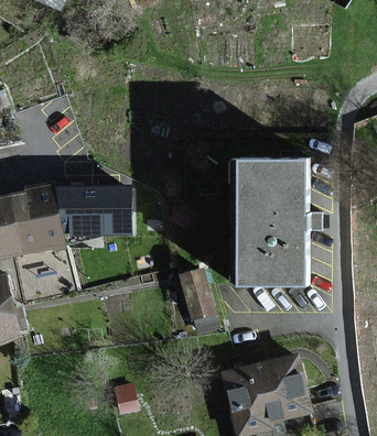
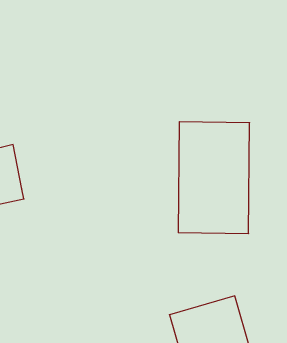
building: [50,186,130,236] -> none
building: [179,265,212,318] -> none

